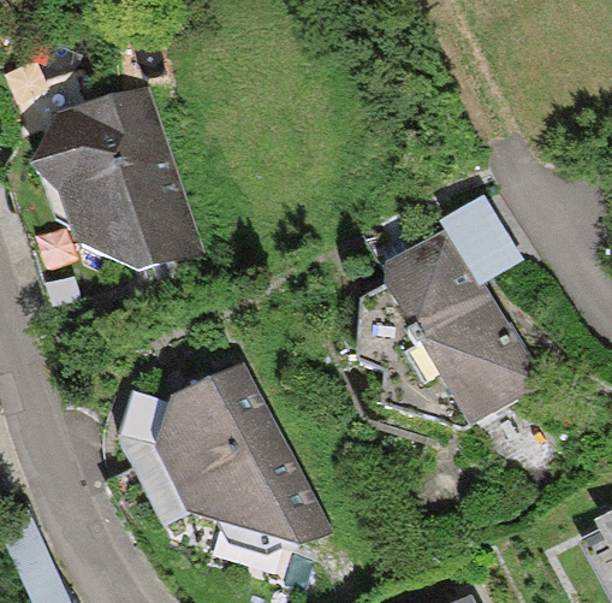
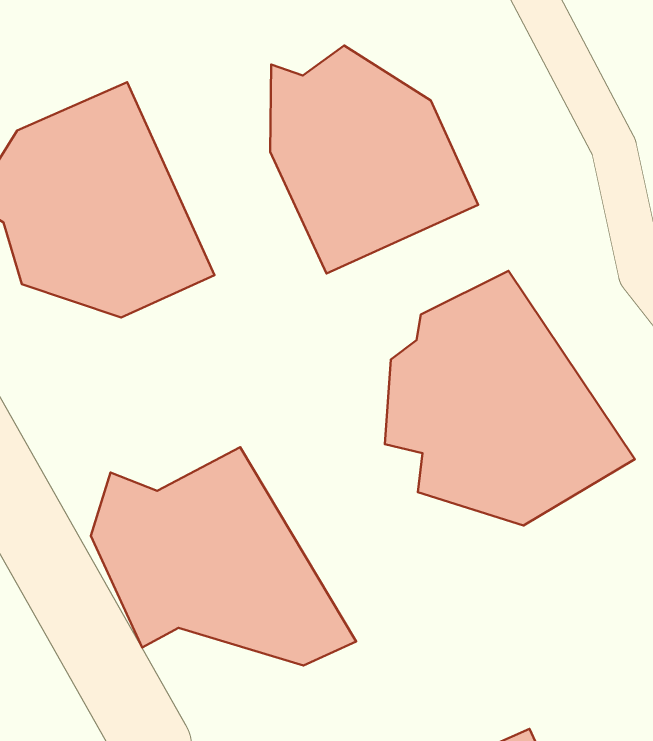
building: none -> [270,46,478,274]

